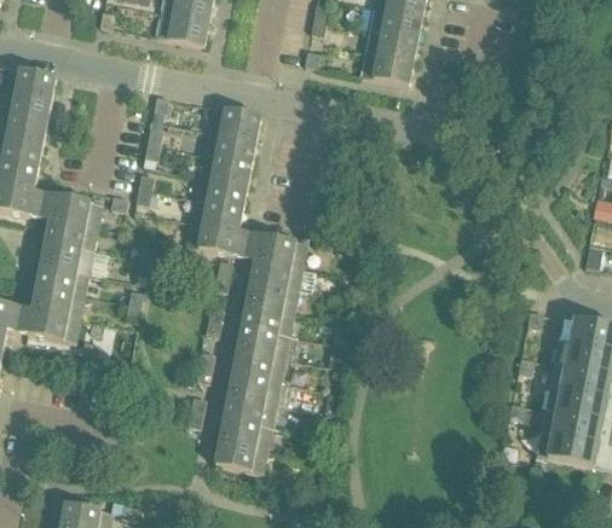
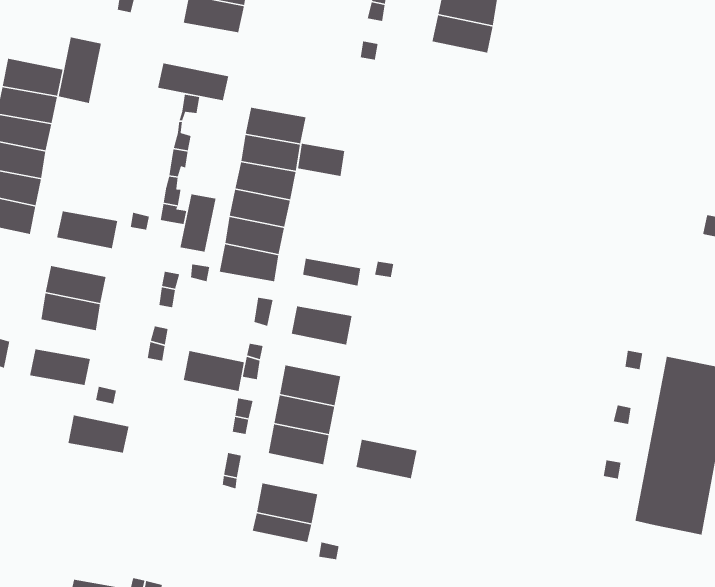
building: none -> [58,36,102,104]
building: [360,51,412,83] -> none
building: none -> [157,63,229,101]
building: none -> [297,143,345,177]
building: none -> [179,194,217,253]
building: [45,215,97,248] -> none
building: [252,246,304,280] -> none
building: [31,284,83,317] -> [68,415,129,453]
building: [242,296,294,331] -> [183,350,245,392]
building: [223,396,275,430] -> [356,439,417,479]

